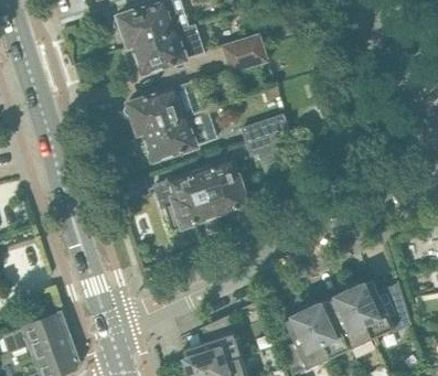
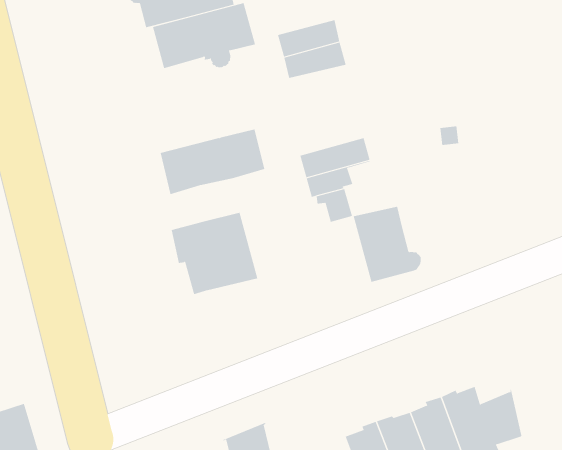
building: [124,83,209,132] -> none
building: [202,161,252,215] -> [353,206,422,282]

